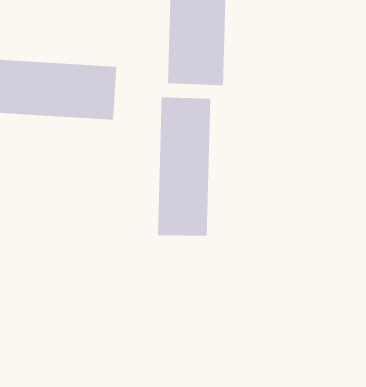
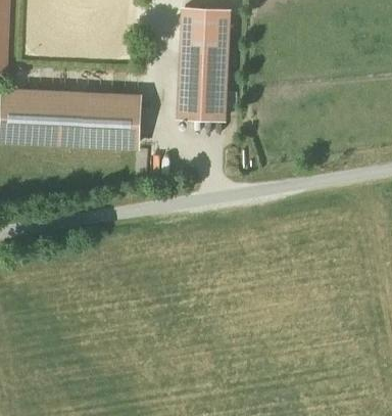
building: [157,96,211,236] -> none

